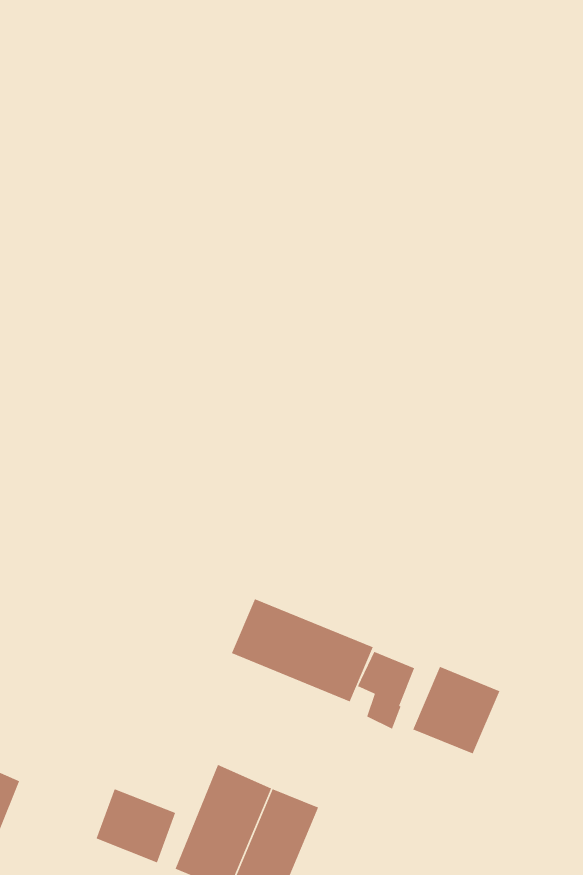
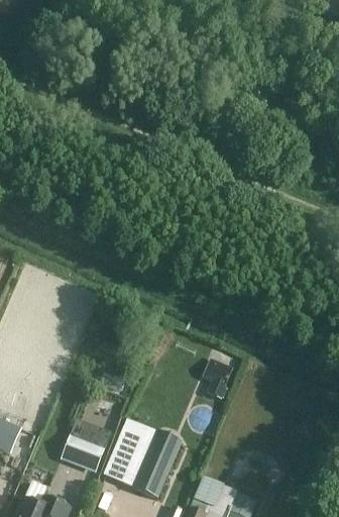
building: [231,598,374,702] -> none
building: [412,666,500,755] -> none

